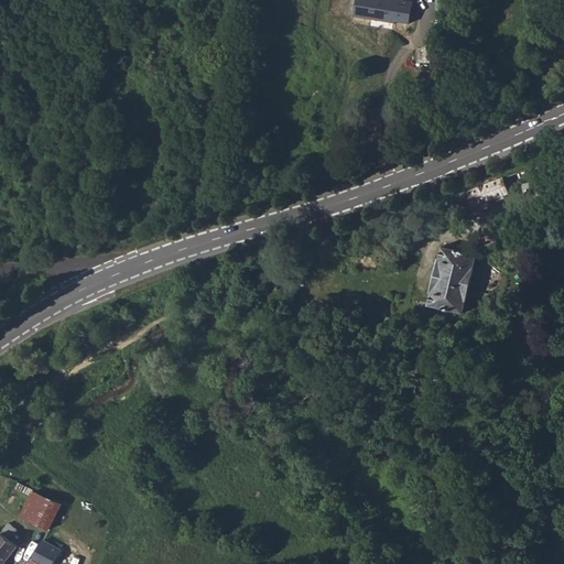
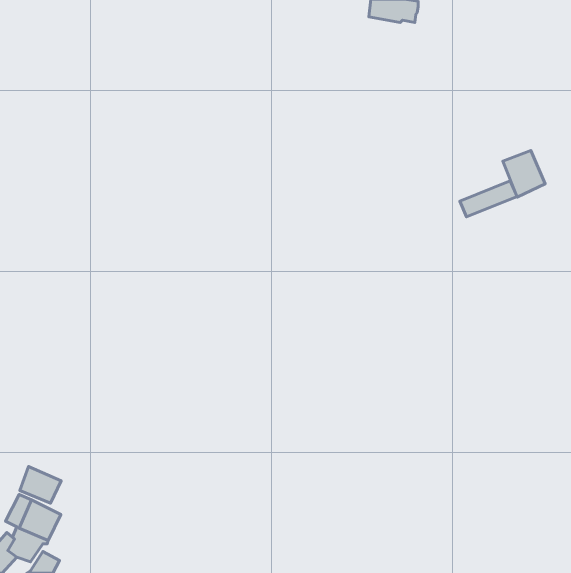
building: none -> [503,150,545,197]
building: [426,248,473,313] -> none
building: none -> [20,466,61,503]

